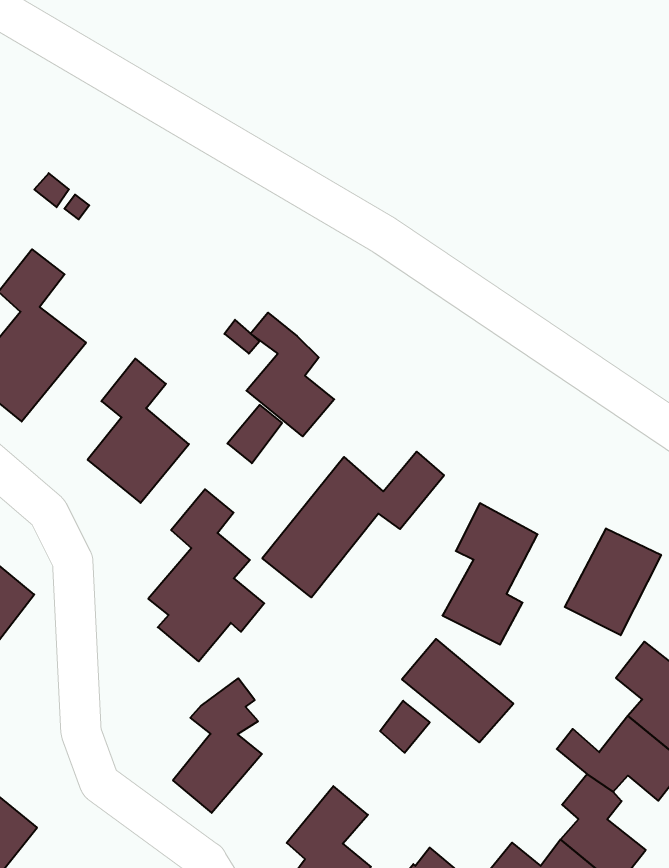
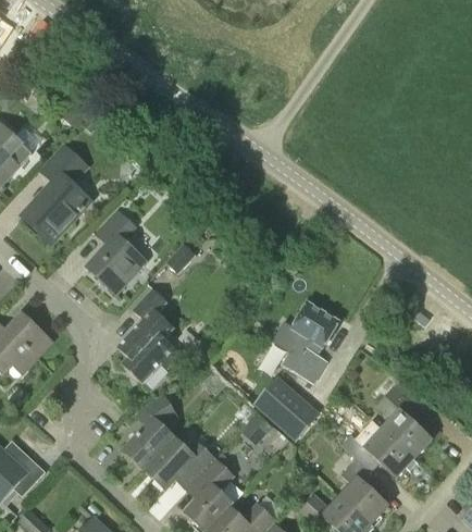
building: [246,313,334,436] -> none
building: [262,452,444,597] -> none
building: [565,528,661,635] -> none
building: none -> [144,438,213,490]

